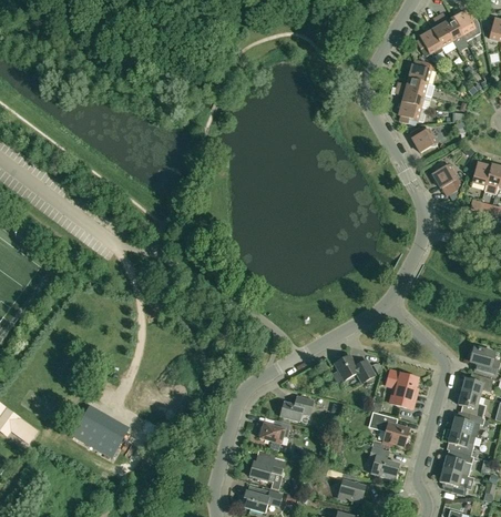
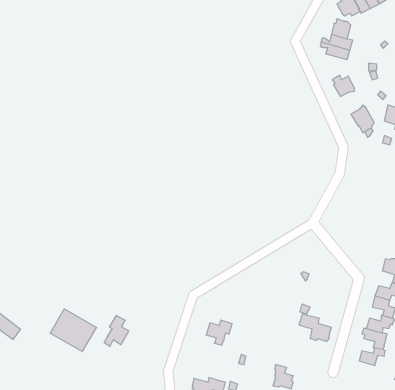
building: [399,100,428,122] -> none
building: [334,353,375,381] -> none
building: [388,371,418,407] -> none
building: [279,394,314,420] -> none
building: none -> [104,316,129,346]
building: [369,445,399,478] -> none
building: [249,453,285,480] -> none
building: [439,467,468,494] -> none

